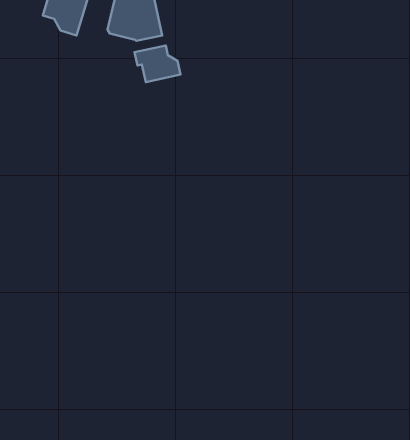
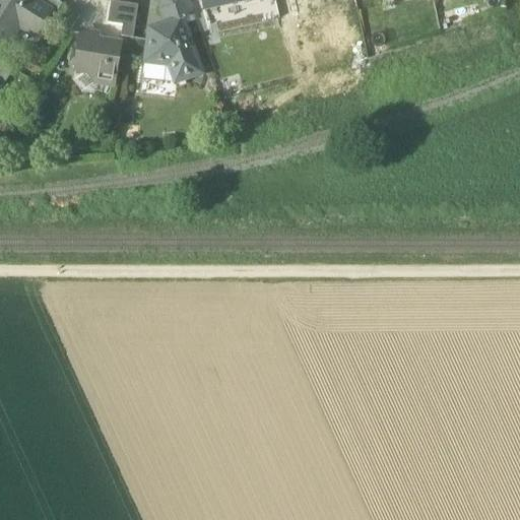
building: [134,46,181,82] -> none

